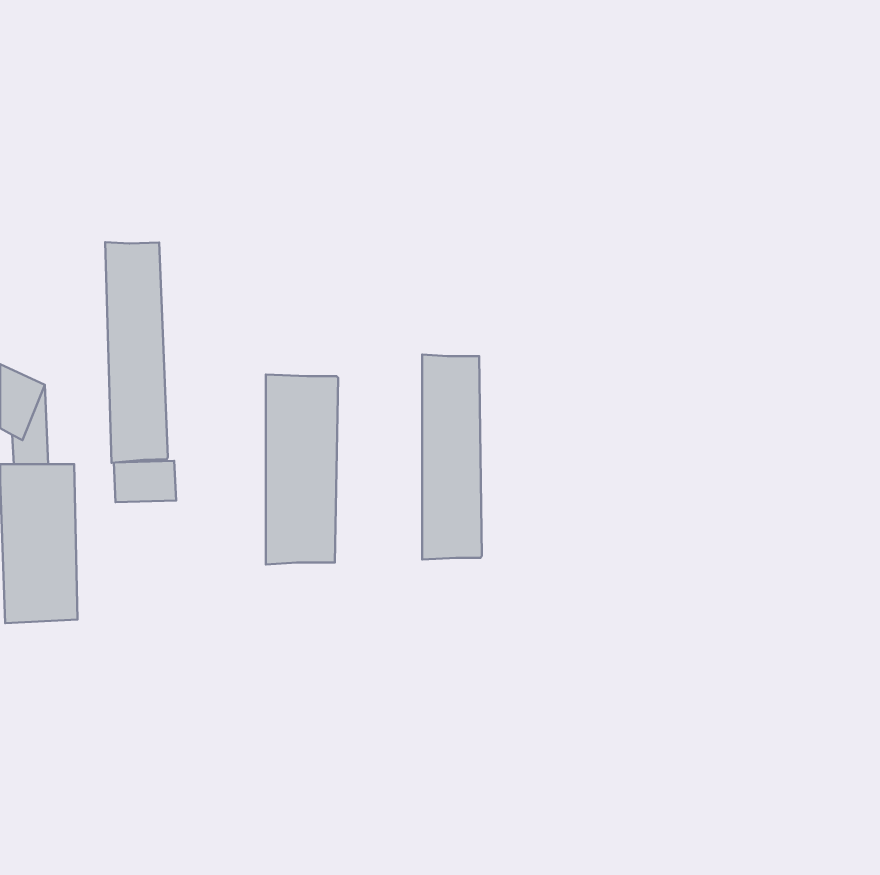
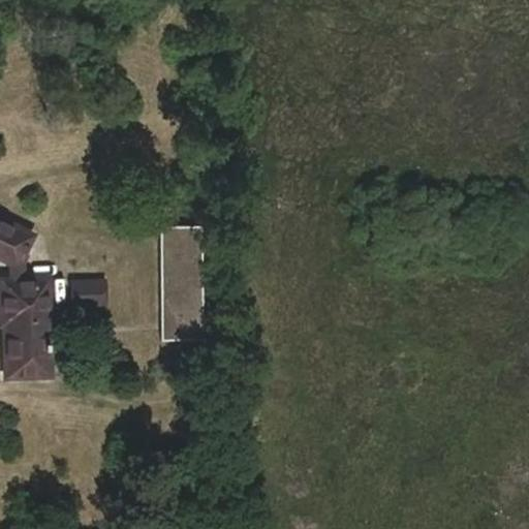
building: [105,242,168,463] -> none
building: [422,354,482,560] -> none

